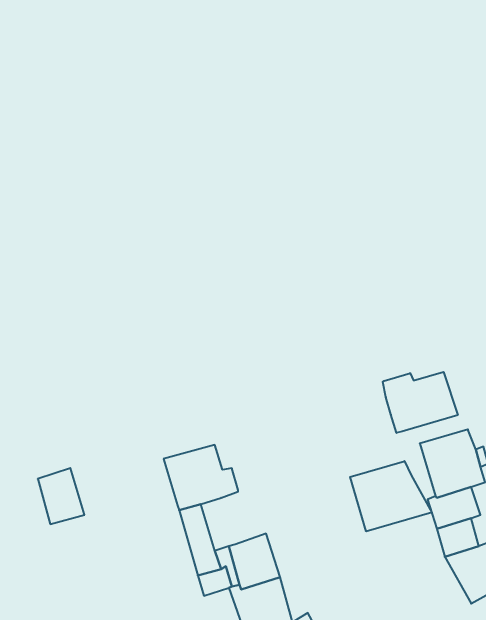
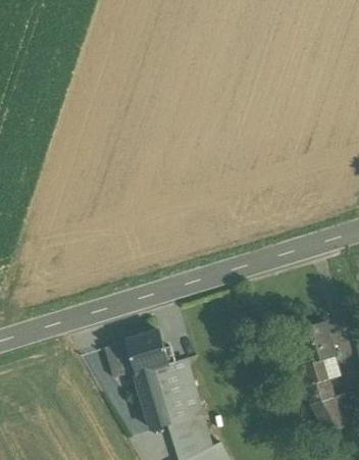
building: [383,372,458,433] -> none
building: [350,461,432,531] -> none
building: [38,468,84,524] -> [105,342,136,378]
building: none -> [164,359,191,398]

